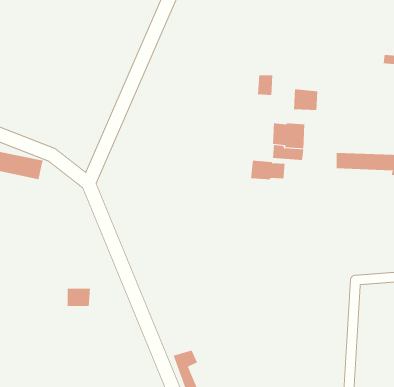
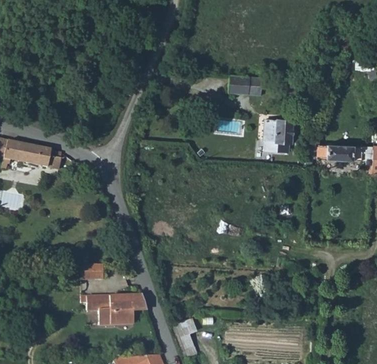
building: [293,89,318,110] -> [228,75,250,94]
building: [251,160,285,180] -> none
building: none -> [81,295,146,324]

